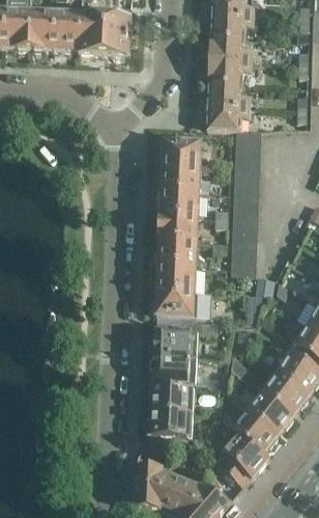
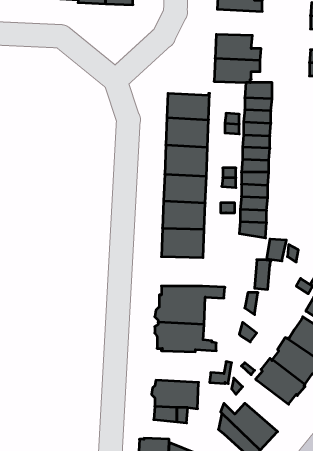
building: [209,58,253,83] -> none
building: [156,293,197,321] -> none
building: [149,385,195,412] -> none
building: [231,408,278,459] -> none

